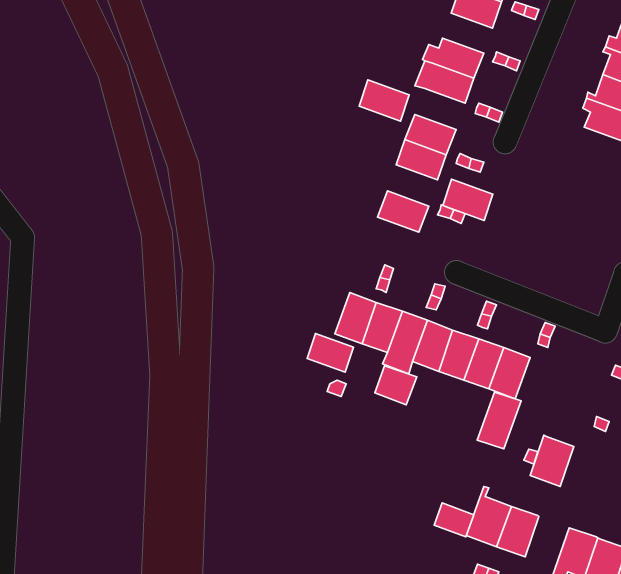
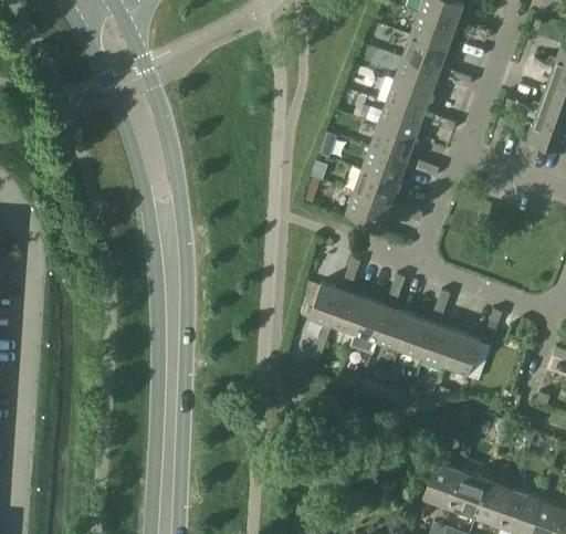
building: none -> [403,36,448,72]
building: [359,80,409,121] -> [379,103,423,139]
building: [443,179,493,220] -> [355,170,399,207]
building: [307,333,353,372] -> none
building: [375,366,417,405] -> none
building: [477,392,521,449] -> none
building: [530,435,574,487] -> [476,481,515,526]
building: [434,503,474,537] -> none

